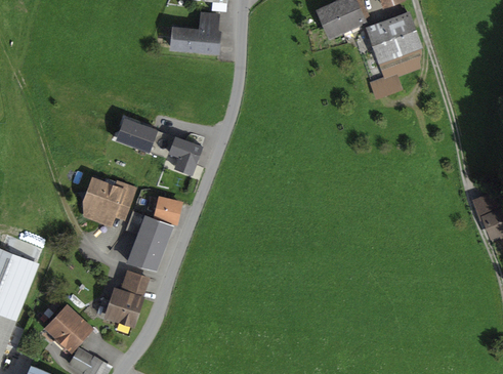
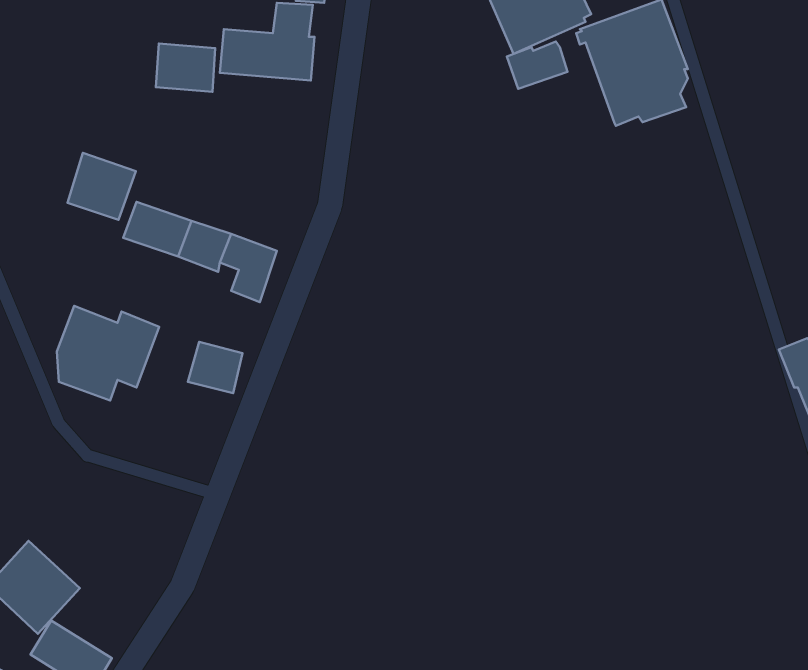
building: none -> [156,43,215,92]
building: [369,74,402,99] -> [507,41,567,89]
building: none -> [67,153,136,220]
building: [125,216,172,272] -> none
building: [95,269,149,328] -> none

